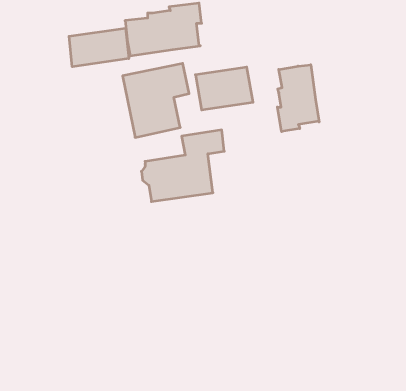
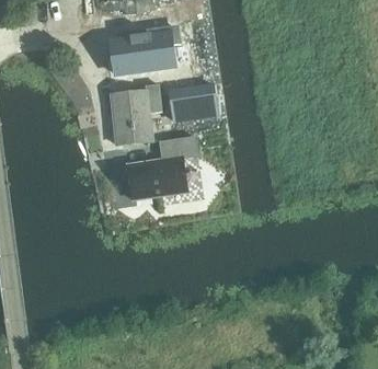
building: [69,28,129,67] -> none
building: [277,65,319,132] -> none

